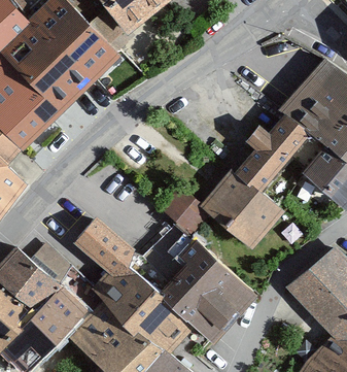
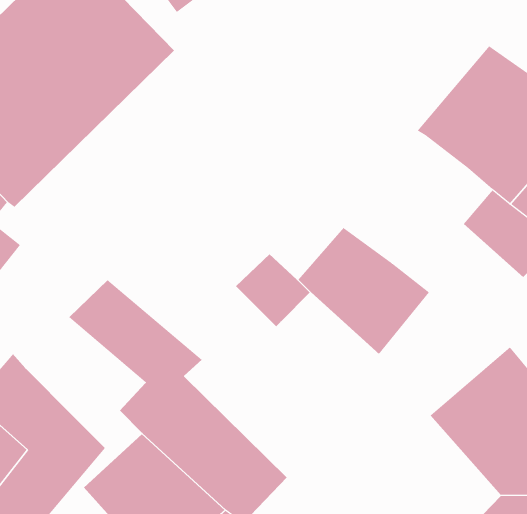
building: [228,112,306,193] -> none
building: [128,228,252,344] -> none
building: [28,241,74,290] -> none

